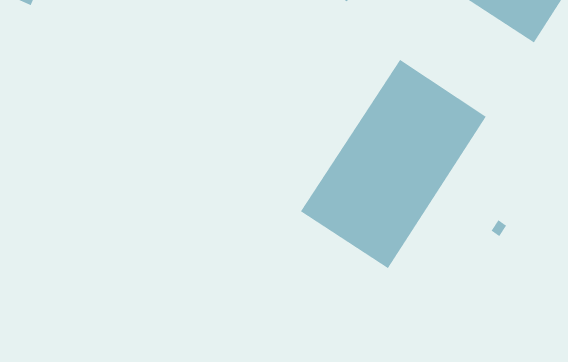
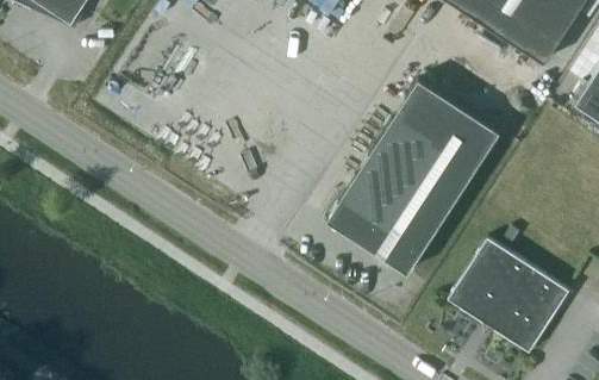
building: none -> [448,237,570,351]

